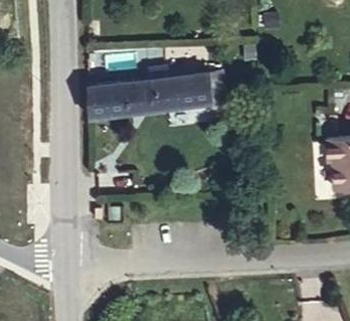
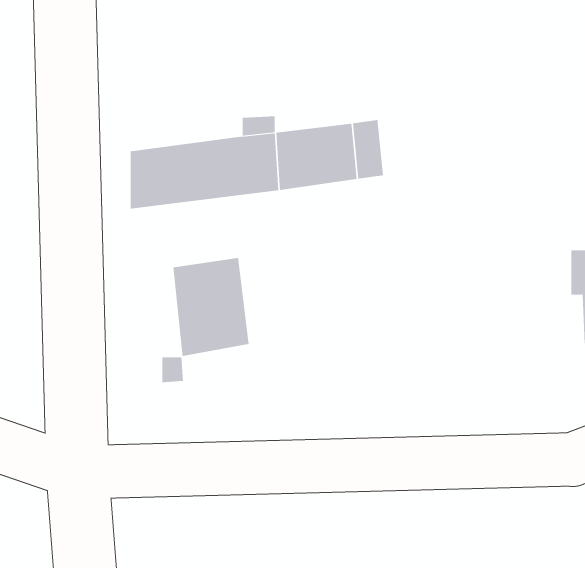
building: none -> [173,257,249,357]

